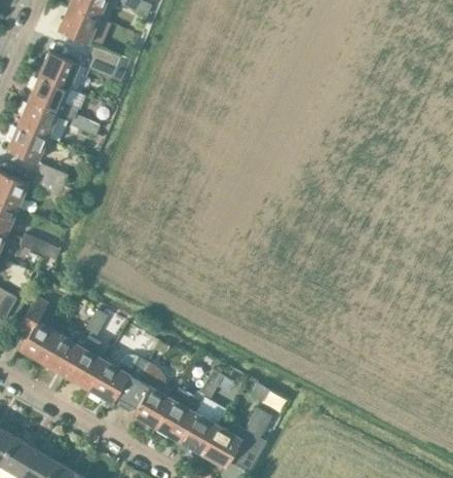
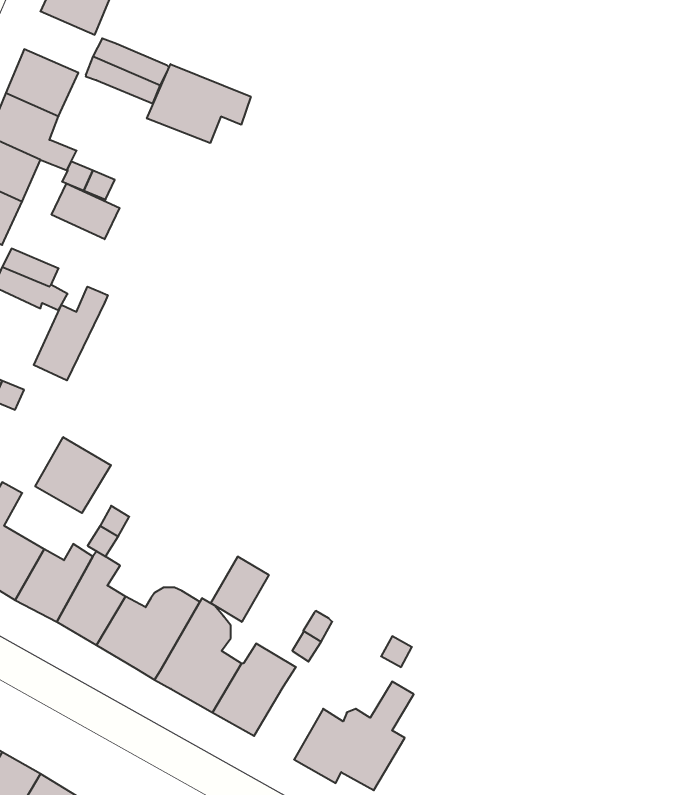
building: none -> [147,64,251,143]
building: none -> [52,183,120,239]
building: none -> [34,287,108,380]
building: none -> [35,437,111,513]
building: none -> [211,556,269,622]
building: [180,414,219,455] -> none

